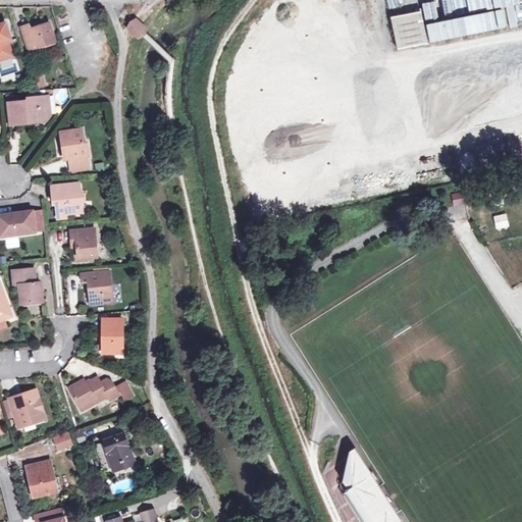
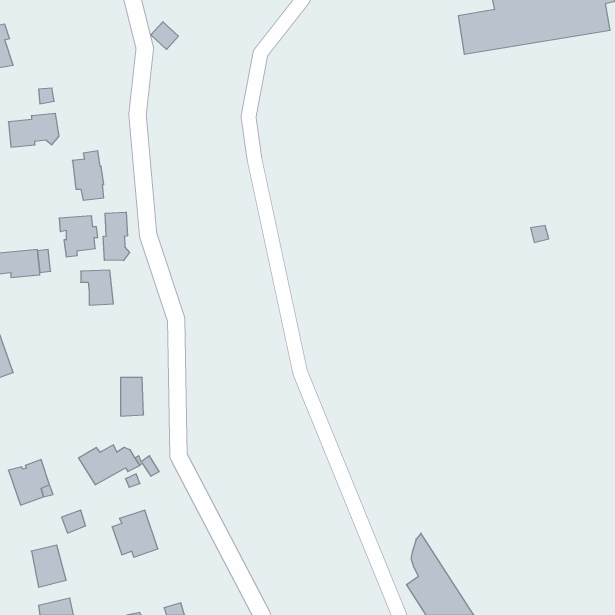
building: [19,20,54,48] -> none
building: none -> [103,212,130,261]
building: [11,268,42,303] -> none
building: [81,270,111,302] -> none

